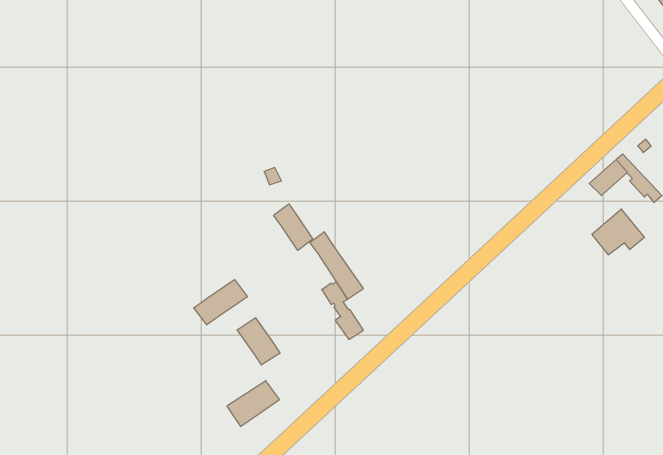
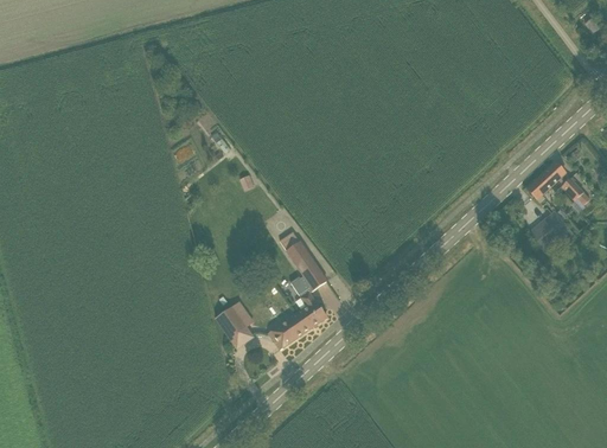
building: [274,204,313,250] -> none
building: [194,280,247,325] -> none
building: [227,381,279,426] -> [270,309,317,350]

